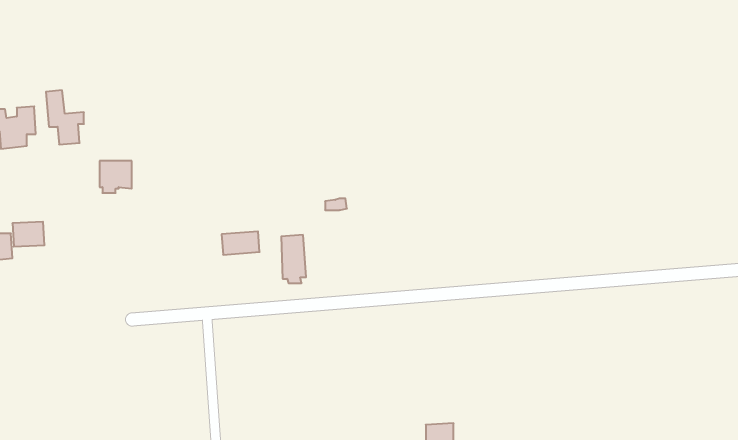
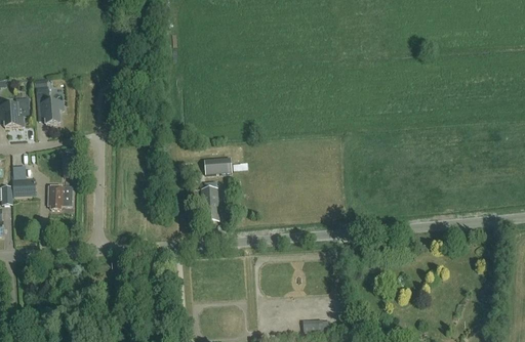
building: [100,161,132,193] -> [49,186,72,209]
building: [222,231,260,255] -> [204,159,231,175]

